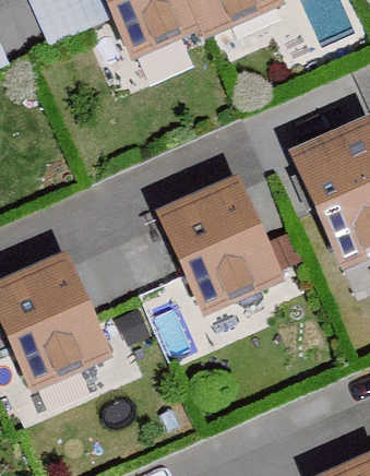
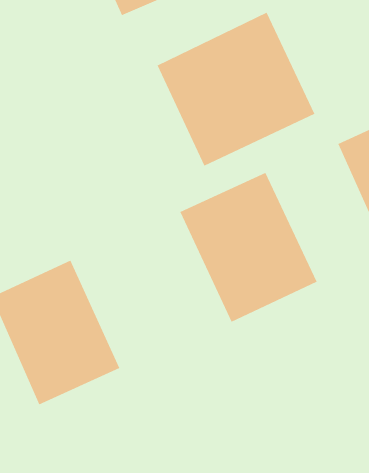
building: none -> [157,12,315,167]

